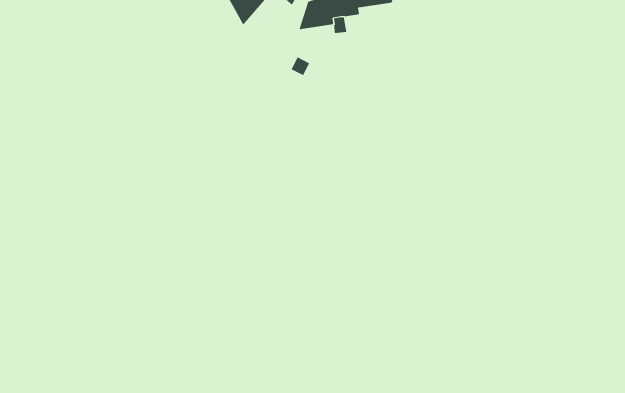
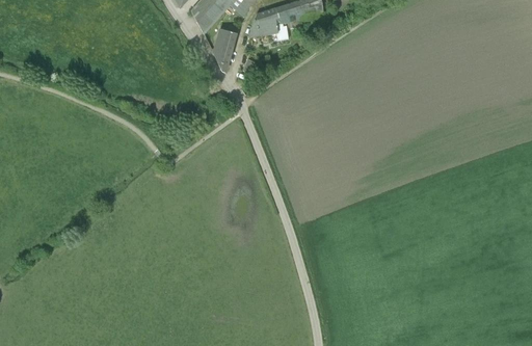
building: none -> [213,28,236,72]

